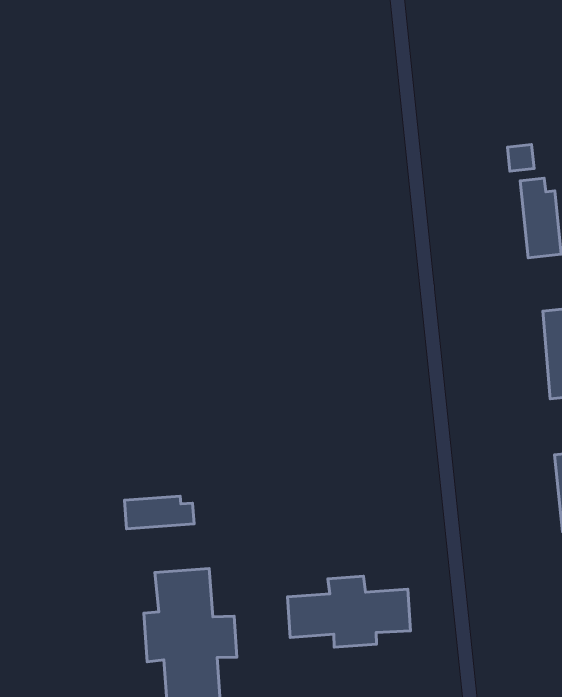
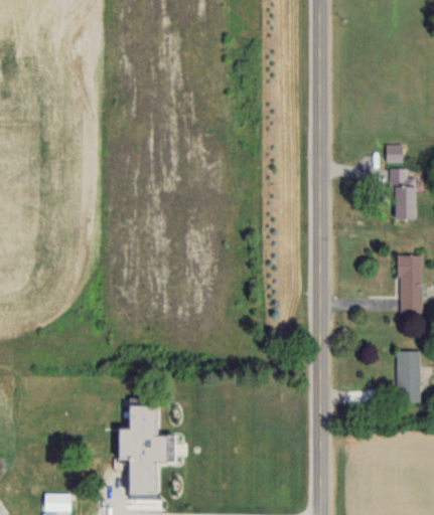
building: [125,496,194,529] -> none
building: [287,576,411,647] -> none

